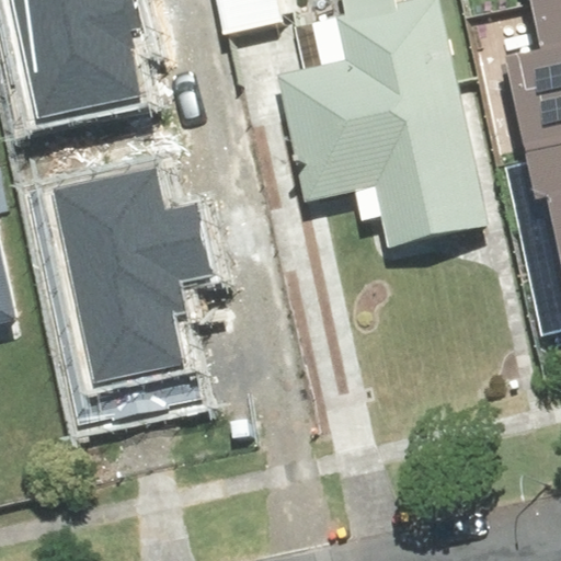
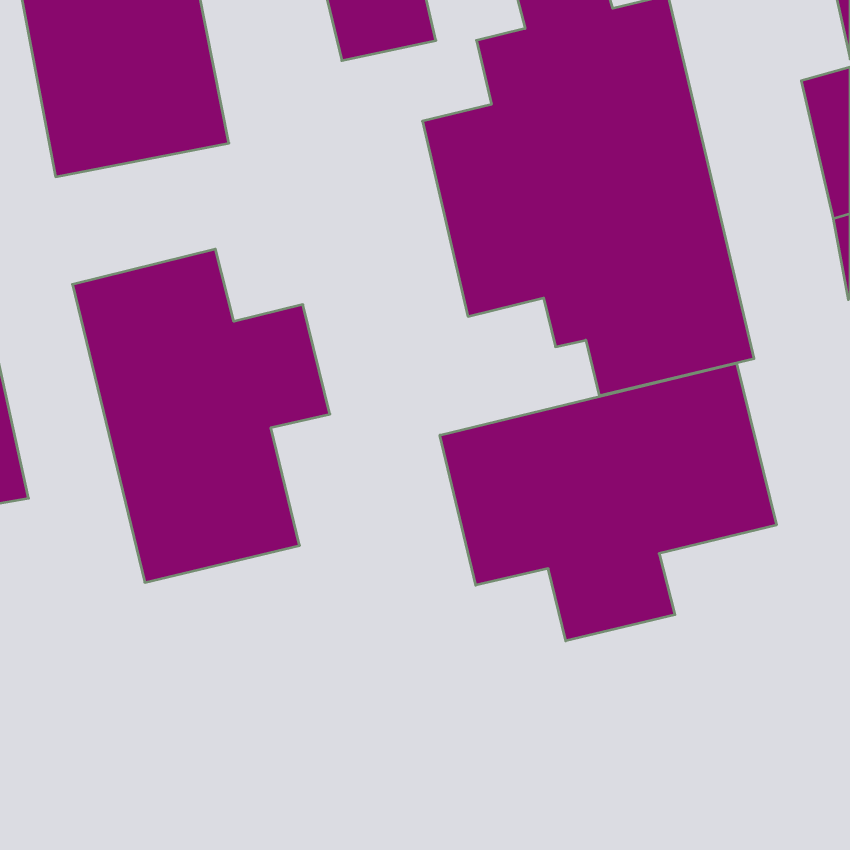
building: none -> [440,363,776,641]

